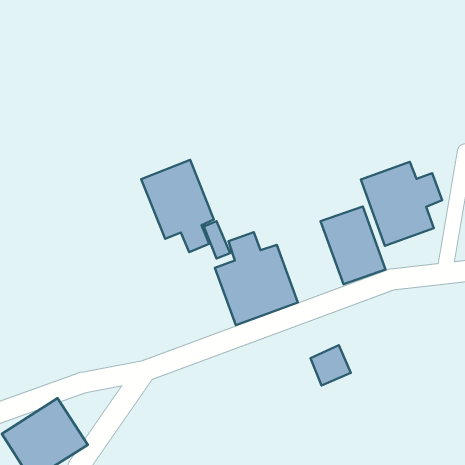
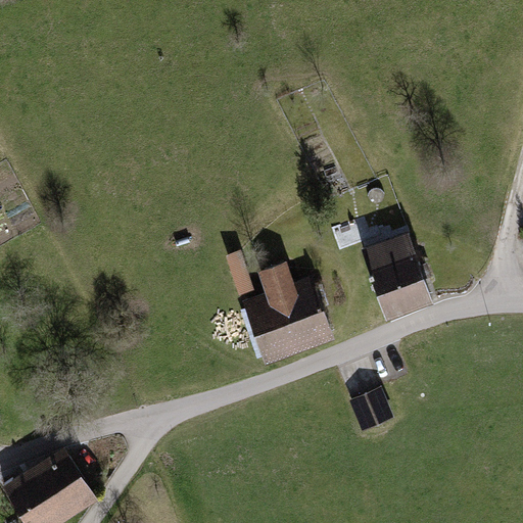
building: [141,160,214,252] -> none
building: [361,162,442,246] -> none

